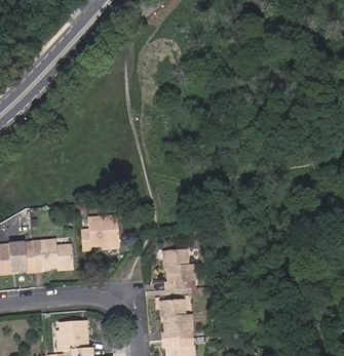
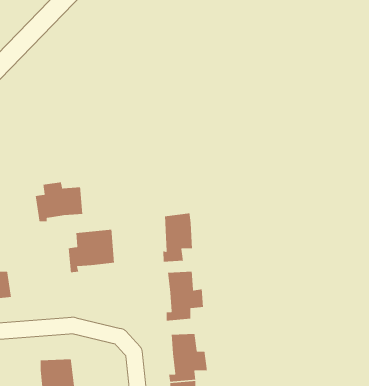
building: none -> [162,212,193,262]
building: [31,239,70,272] -> [35,182,83,222]

